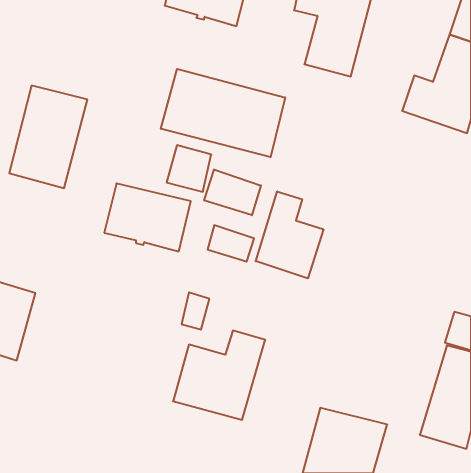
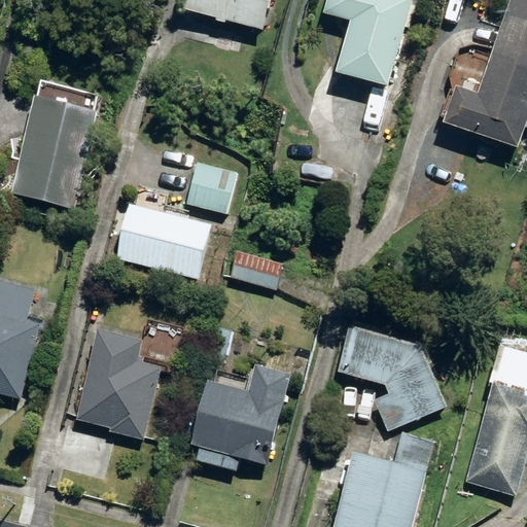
building: [161,69,285,157] -> none
building: [204,169,261,215] -> none
building: [256,191,323,278] -> none
building: none -> [338,325,446,429]
building: none -> [74,327,161,438]

